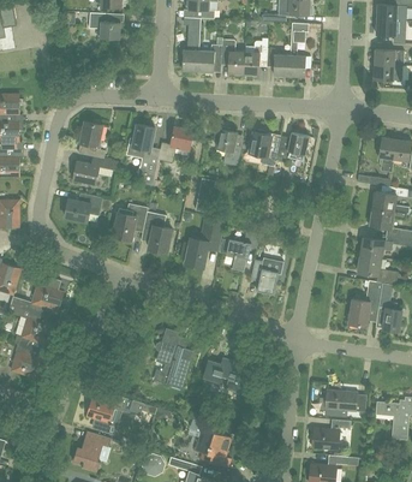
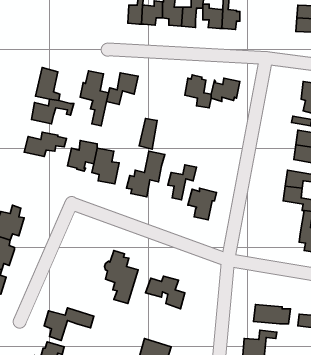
building: [213,125,240,166] -> none
building: [347,280,382,326] -> none

